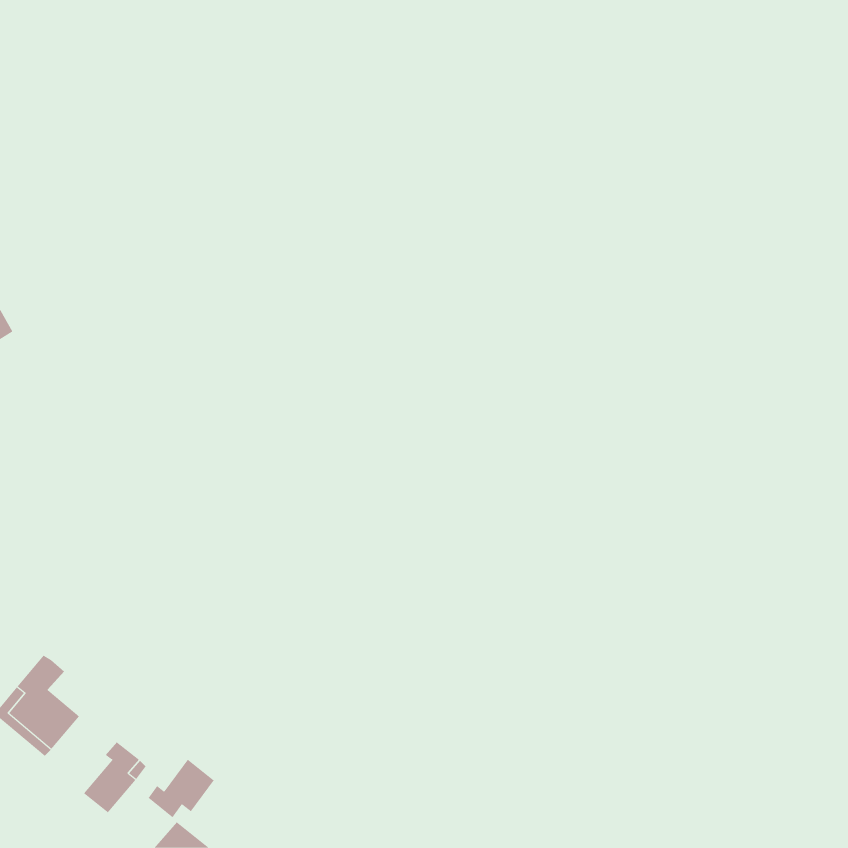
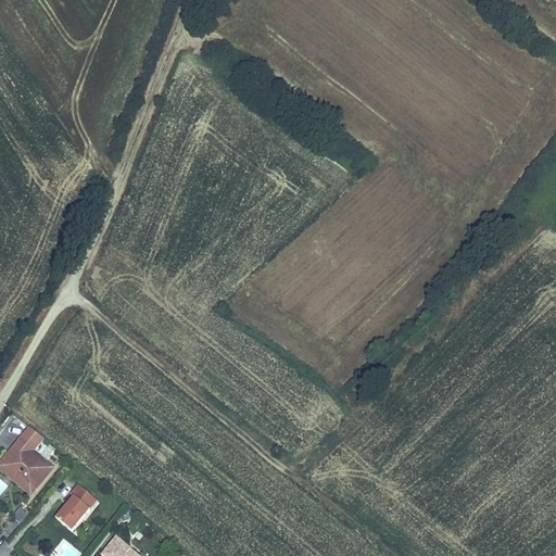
building: [148,759,215,818] -> none

